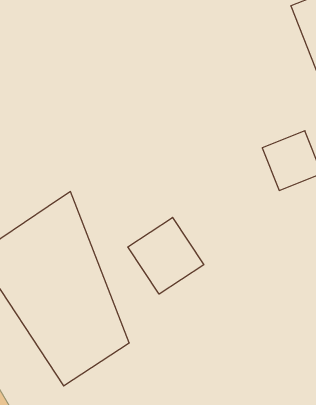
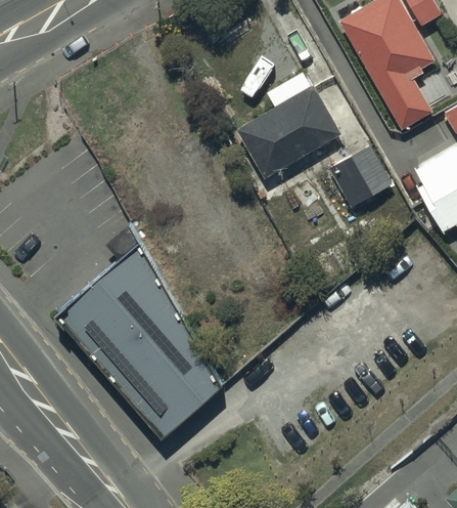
building: none -> [234,72,340,177]
building: [128,217,204,294] -> none

